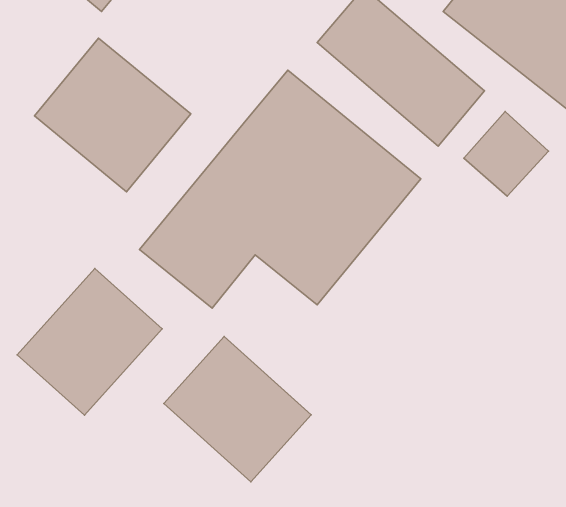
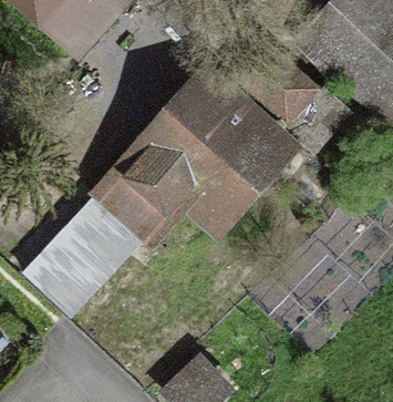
building: [34,38,191,192] -> none
building: [164,336,311,482] -> none

